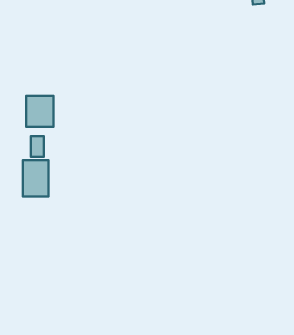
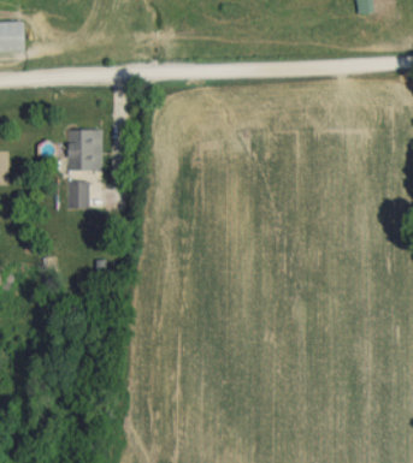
building: [23,160,48,196] -> none

